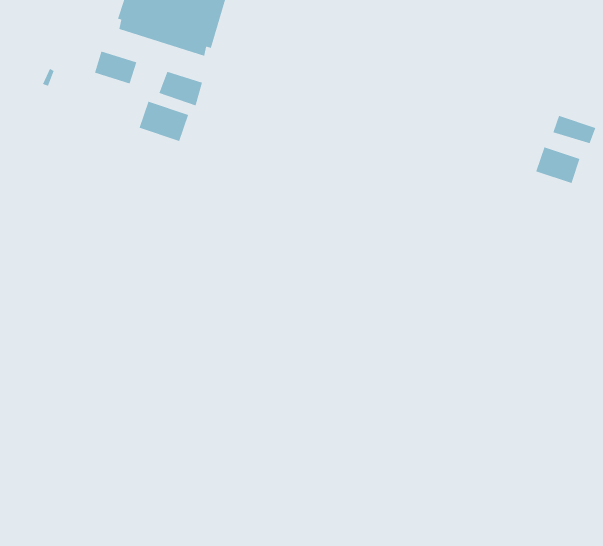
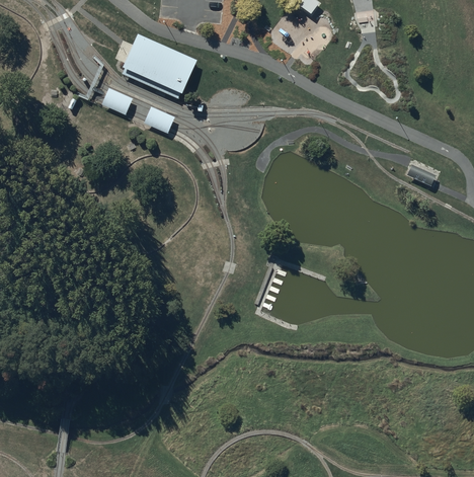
building: [139,101,189,142] -> none
building: [536,146,580,184] -> none

